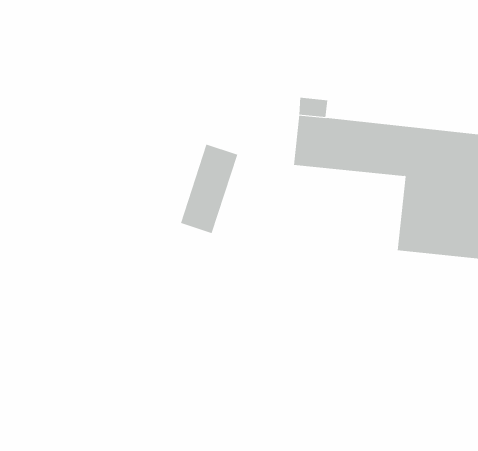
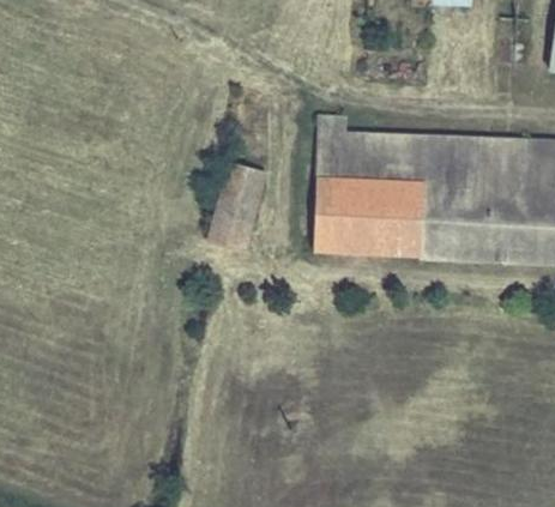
building: none -> [314,179,423,254]

